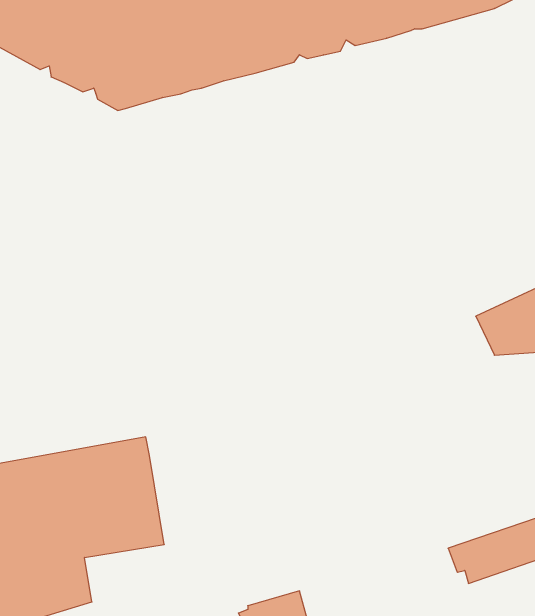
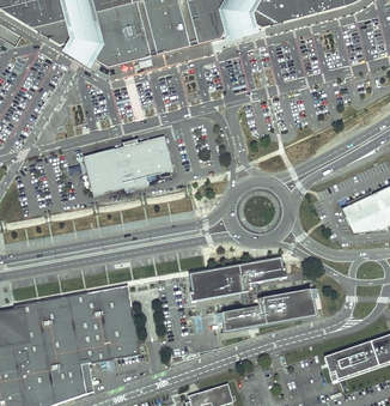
building: none -> [84,135,172,195]
building: none -> [189,257,315,331]

